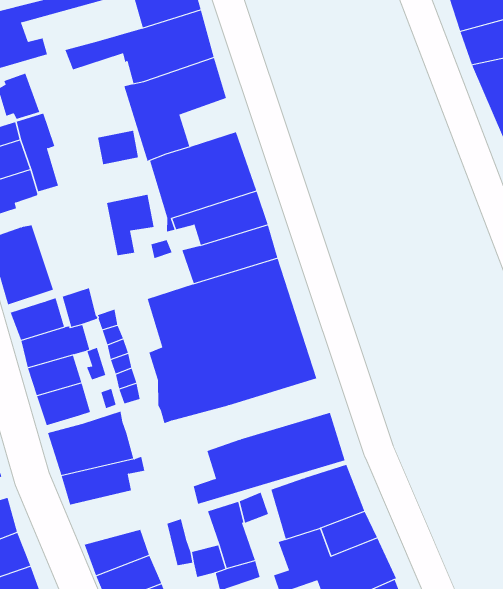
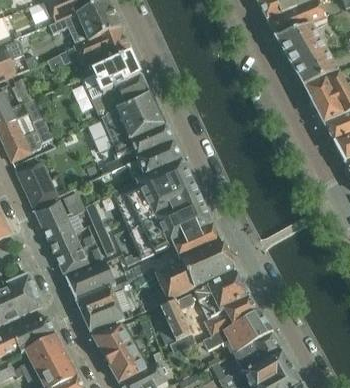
building: none -> [117,76,150,106]
building: none -> [166,227,224,267]
building: none -> [84,304,125,333]

